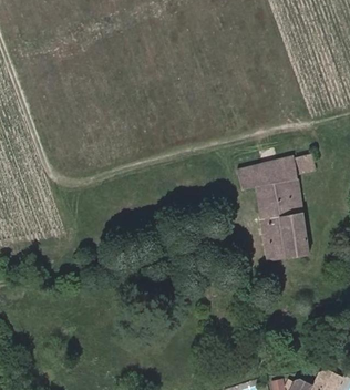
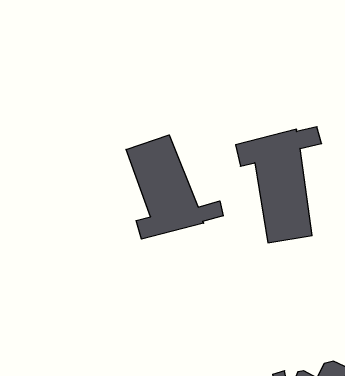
building: none -> [126,135,223,239]

